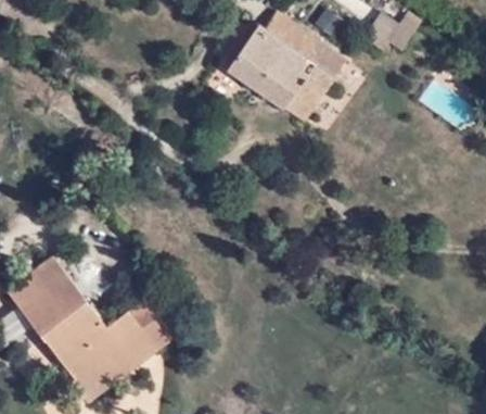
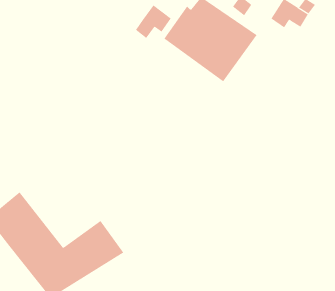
building: none -> [135,5,171,39]

